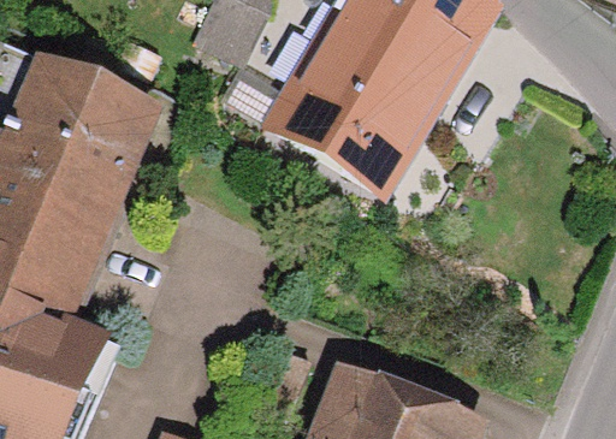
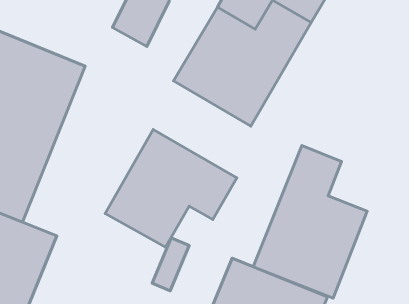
building: none -> [105,129,237,247]
building: none -> [253,146,367,298]

